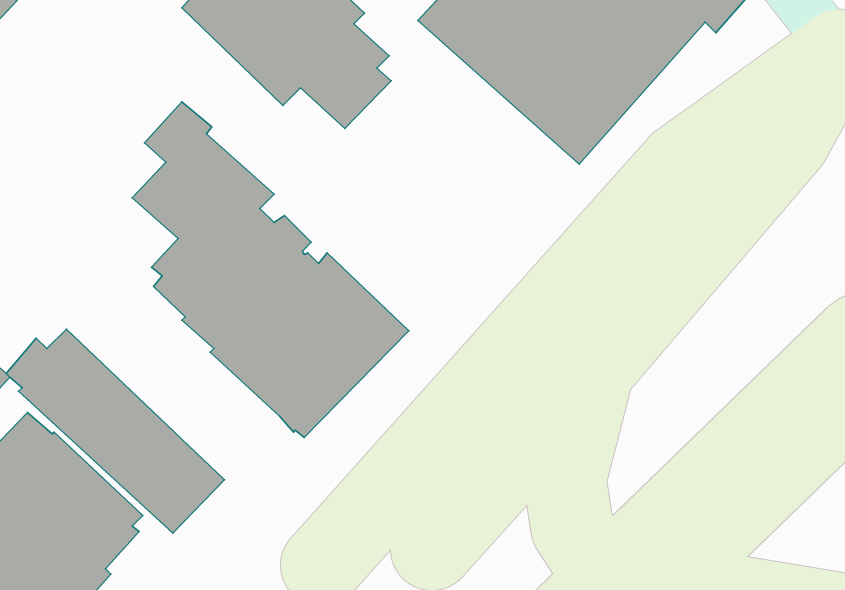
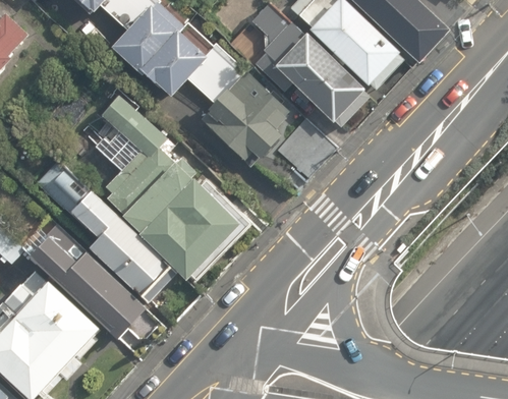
building: none -> [204,62,336,189]
building: none -> [26,160,169,304]

